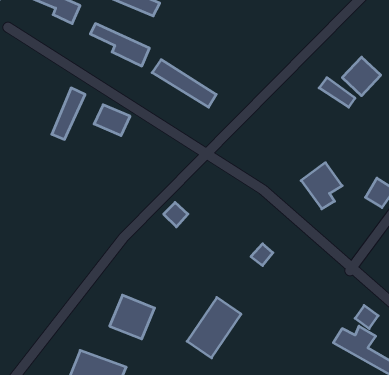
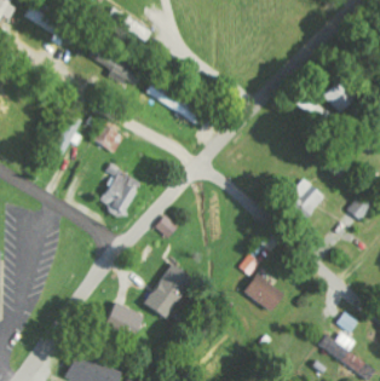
building: none -> [96,162,143,217]
building: none -> [243,273,286,312]
building: [187,297,241,358] -> [144,261,195,318]

